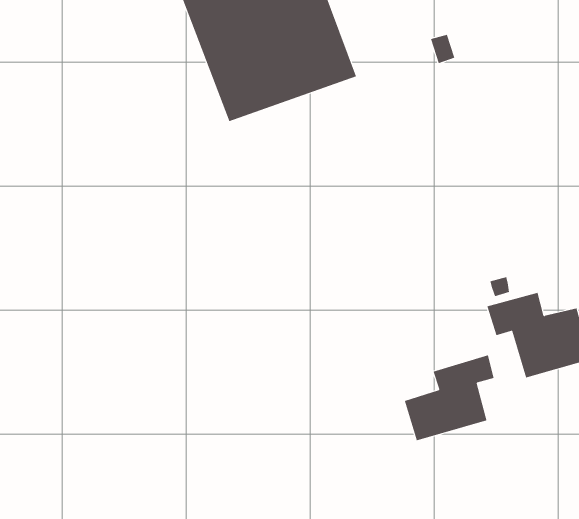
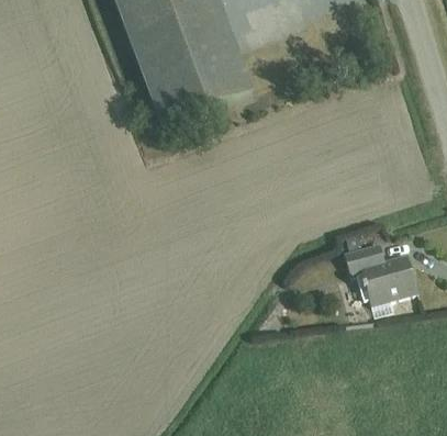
building: [404,355,494,441] -> none

